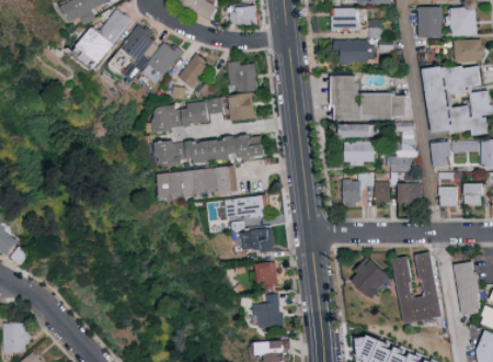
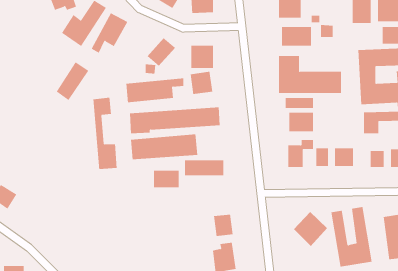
building: [141,38,181,84] -> [56,62,89,101]
building: none -> [93,97,117,170]
building: [388,127,414,171] -> none
building: [241,230,272,251] -> [153,170,179,188]

